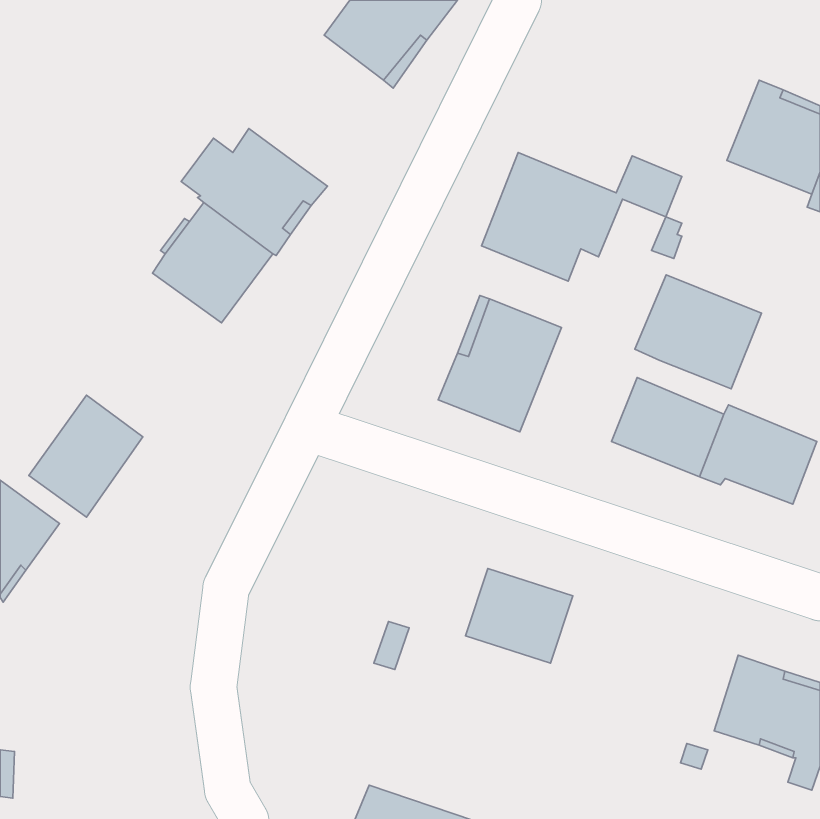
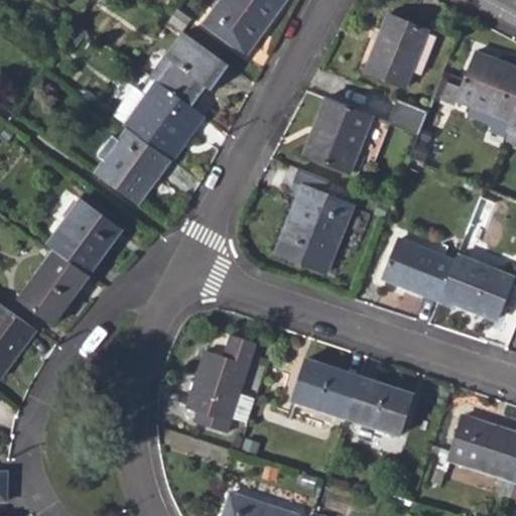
building: none -> [366,15,427,87]
building: none -> [150,33,229,107]
building: [635,275,762,389] -> none
building: none -> [48,199,123,275]
building: none -> [185,333,256,433]
building: none -> [346,375,412,435]

